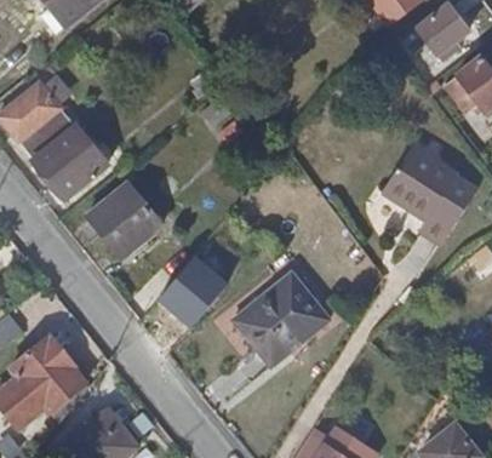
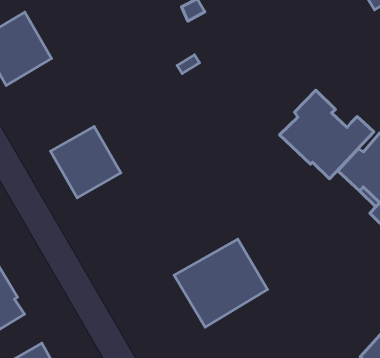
building: none -> [279,90,374,179]
building: [34,122,107,195] -> none
building: [156,254,225,325] -> none

